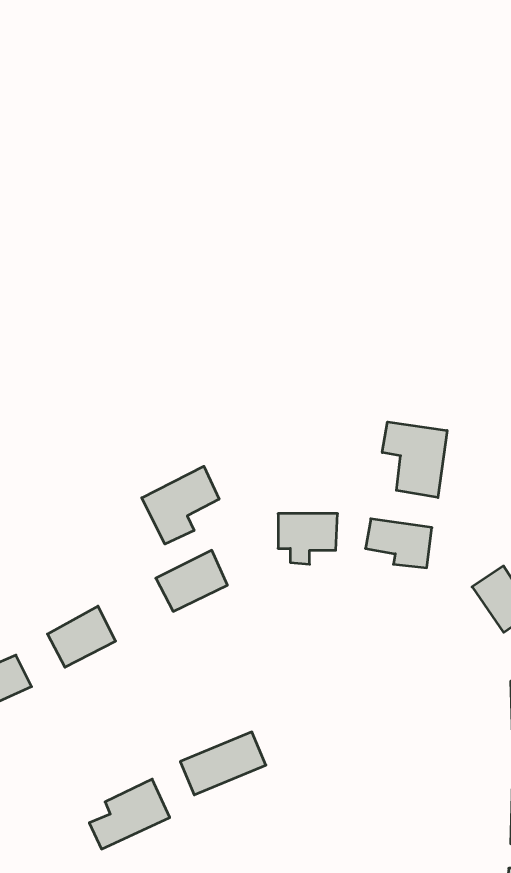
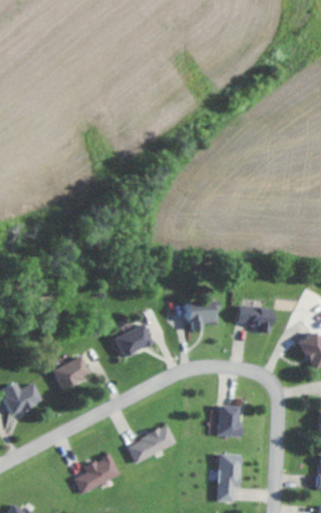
building: [382,422,447,498] -> none
building: [142,466,219,544] -> none
building: none -> [217,406,240,437]
building: none -> [217,455,240,503]

